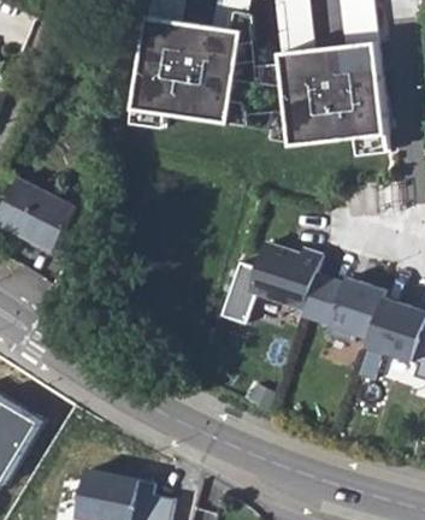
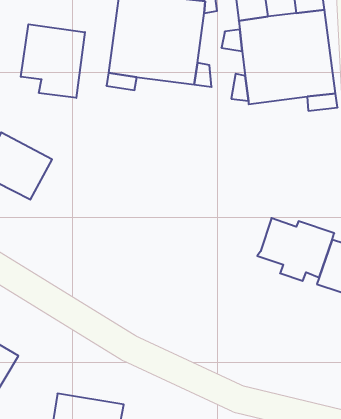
building: none -> [21,24,85,98]
building: [218,242,324,324] -> none

